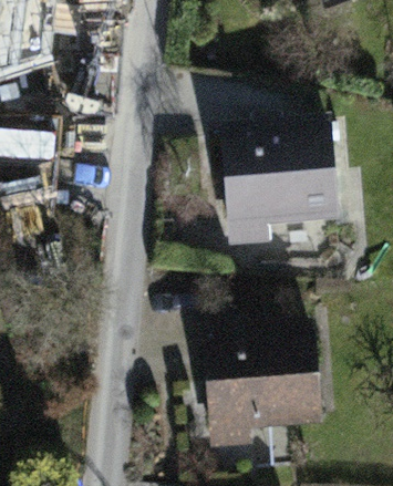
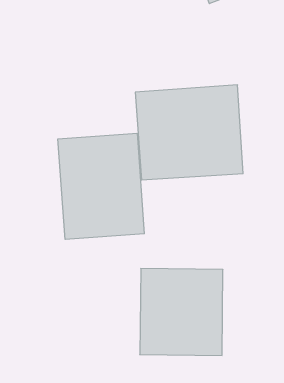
building: none -> [58,133,144,239]

